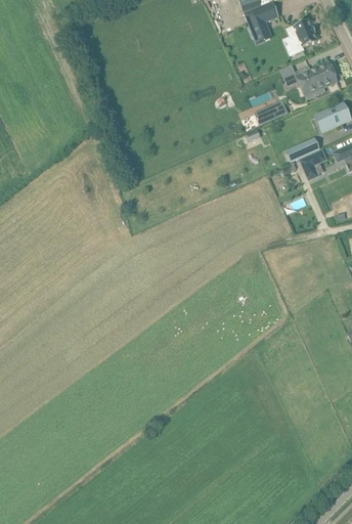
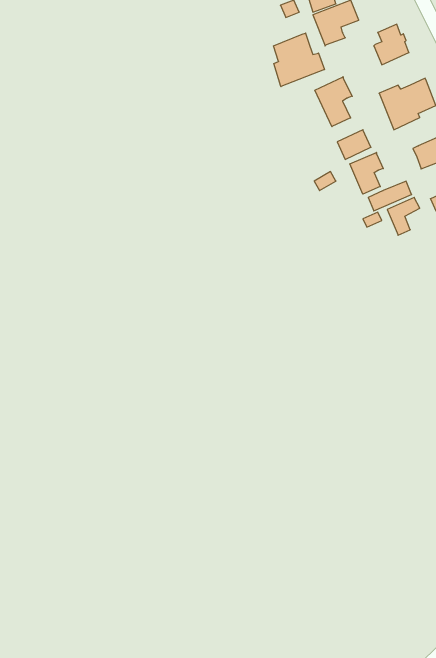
building: none -> [274,33,324,87]
building: none -> [315,77,352,127]
building: none -> [350,152,383,194]

